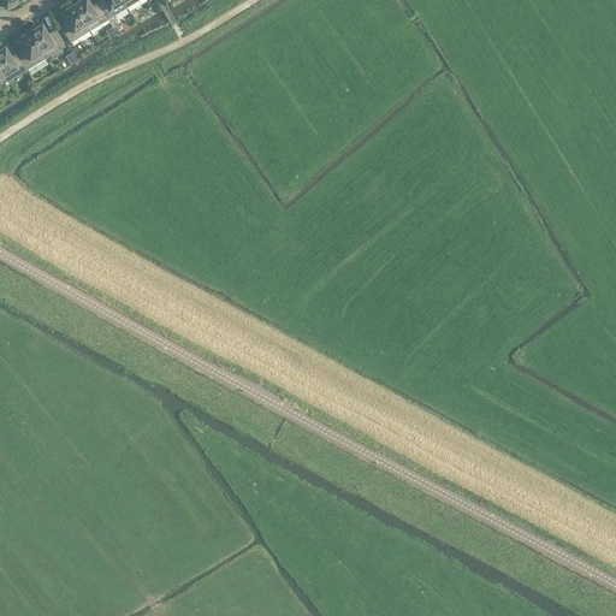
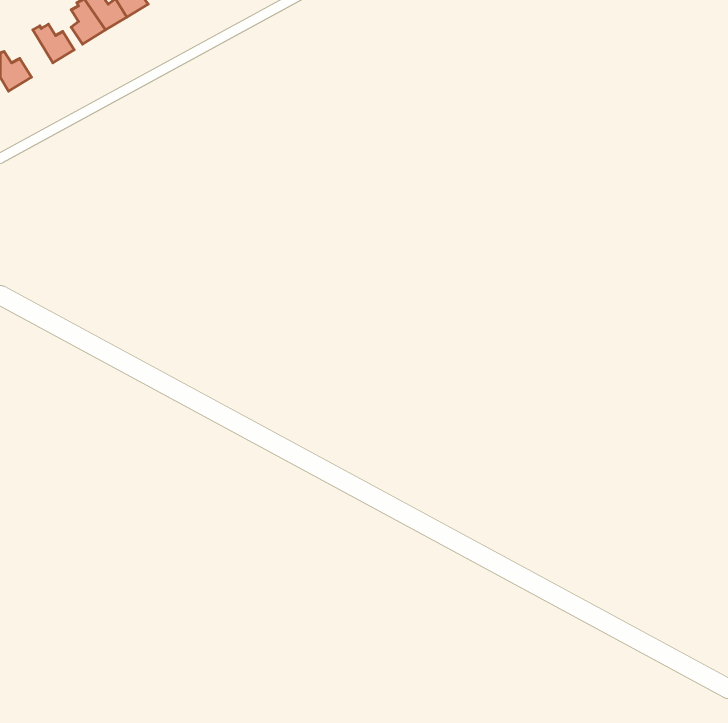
building: [17,25,45,65] -> none

